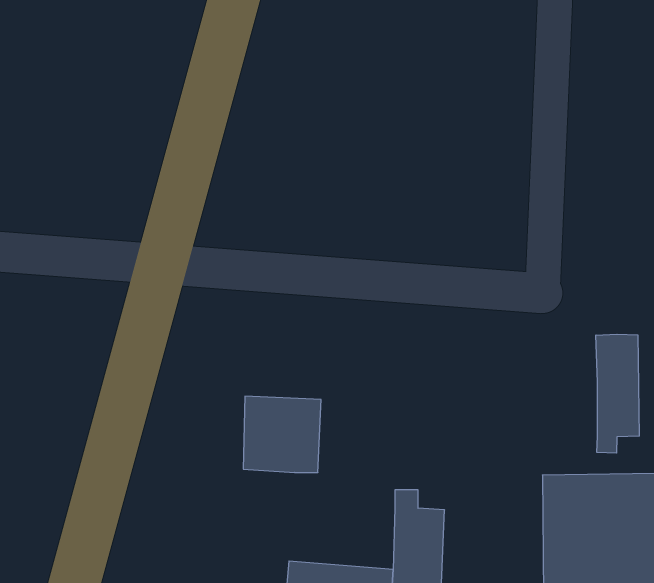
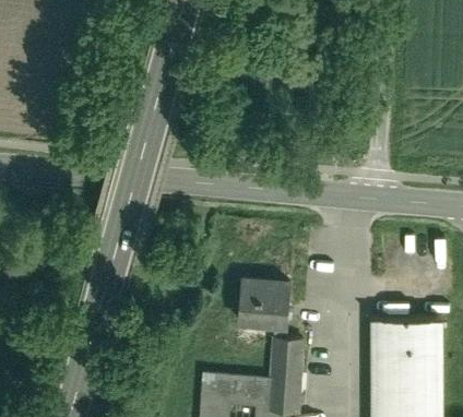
building: [596,334,639,453] -> none
building: [243,396,321,472] -> [238,279,289,330]

